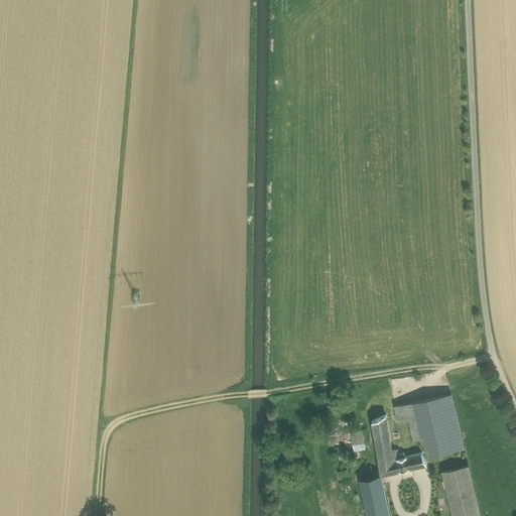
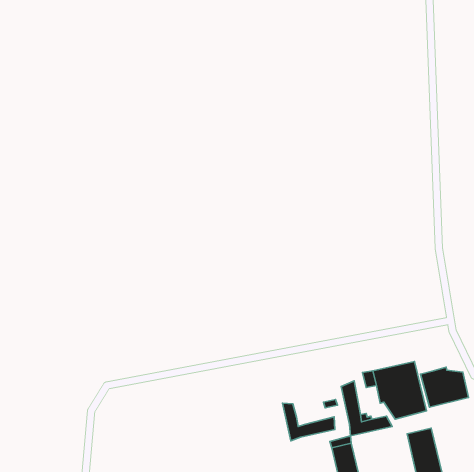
building: none -> [420,367,469,407]
building: none -> [283,403,335,441]

